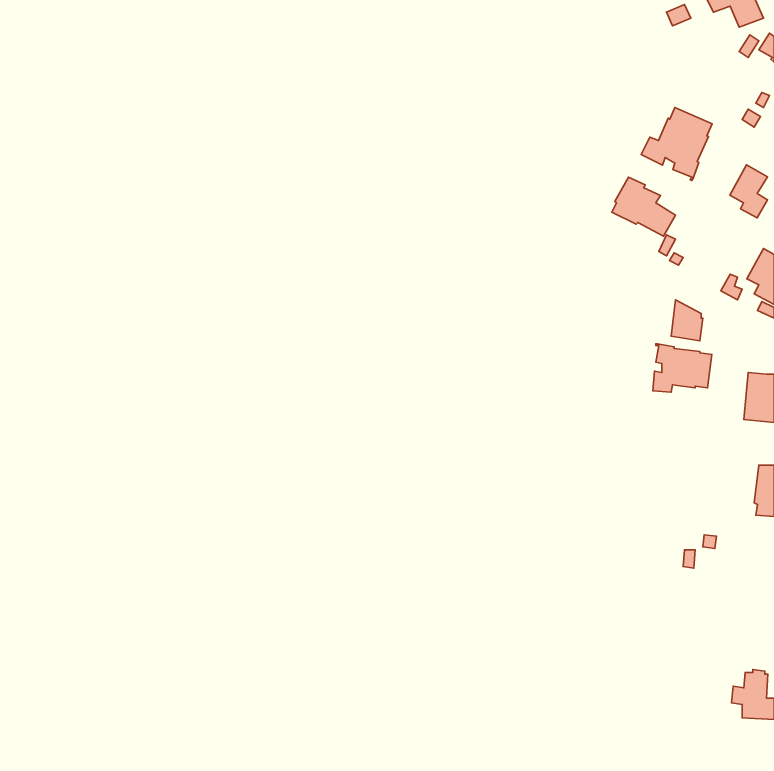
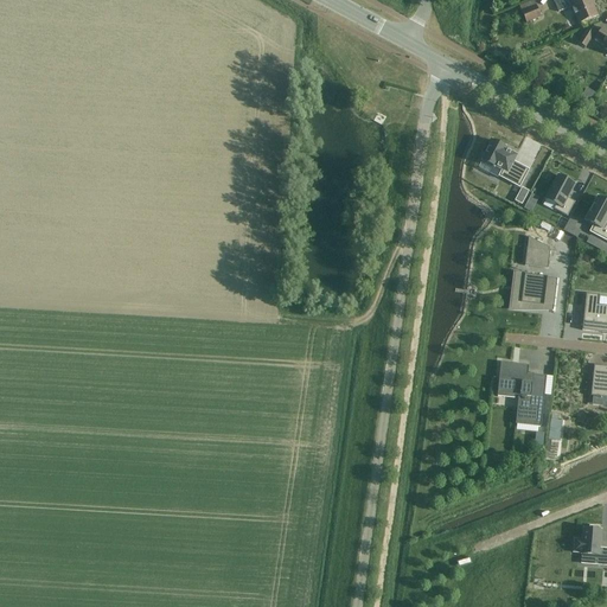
building: [641,107,712,181] -> none
building: [730,165,768,218] -> [545,173,575,215]
building: none -> [497,360,547,424]

